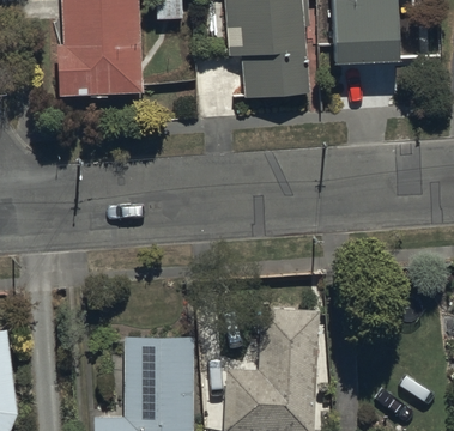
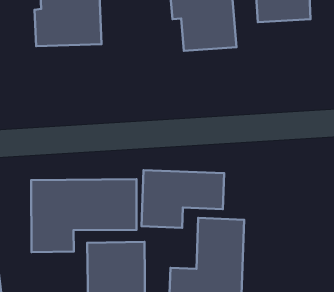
building: none -> [142,170,224,228]
building: none -> [31,179,137,252]

